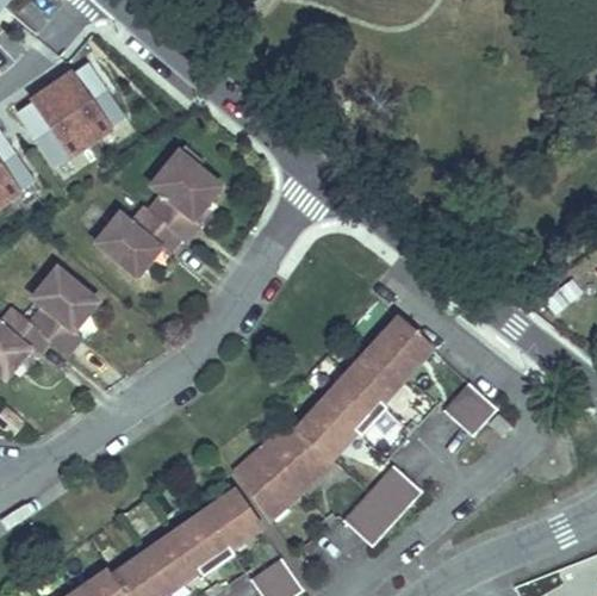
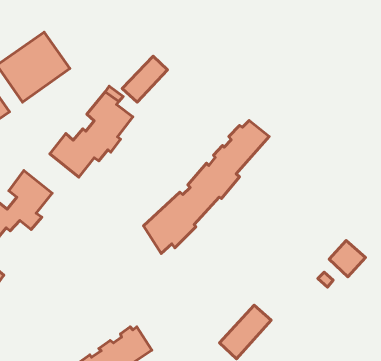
building: none -> [122,56,168,102]
building: [224,323,410,520] -> [144,121,269,253]
building: [449,384,503,437] -> [329,240,366,277]

